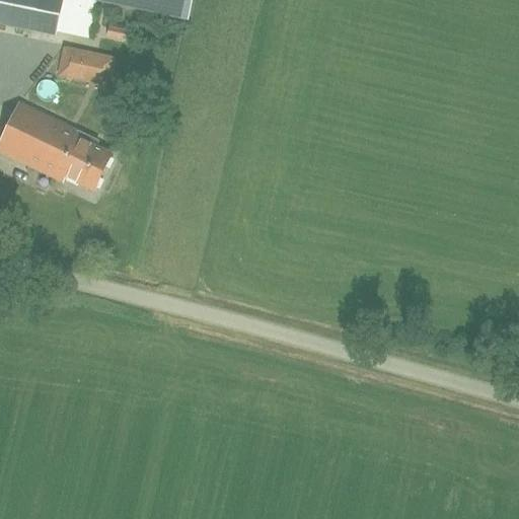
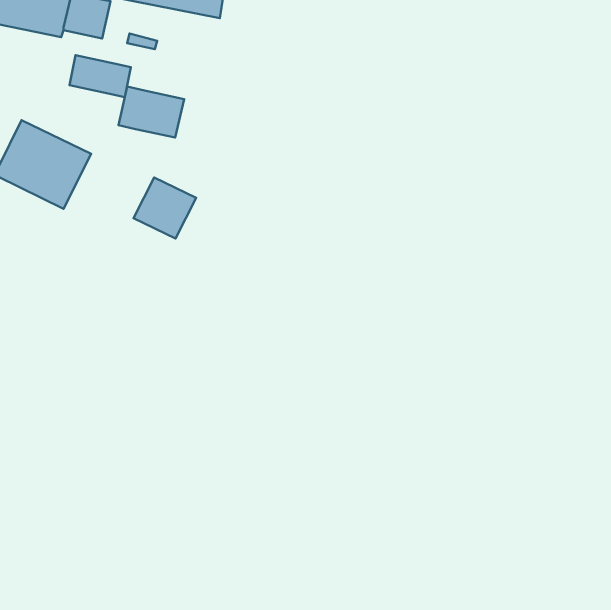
building: none -> [118,87,184,138]
building: [57,136,109,188] -> [134,177,196,239]

